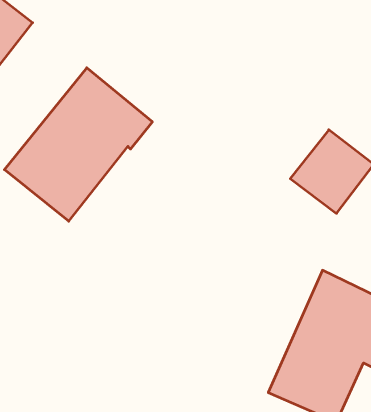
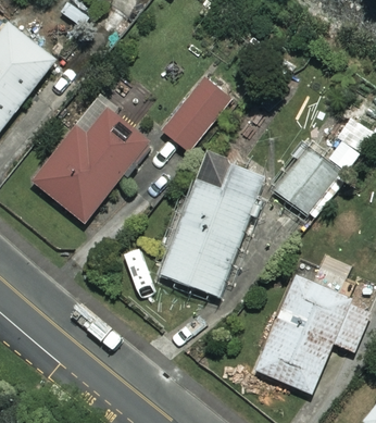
building: none -> [160,74,233,152]
building: none -> [161,161,266,296]

